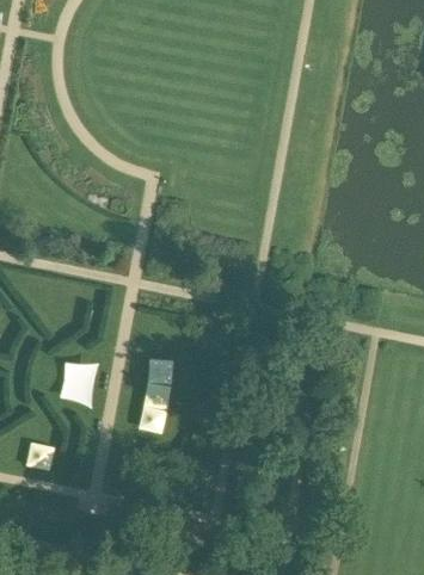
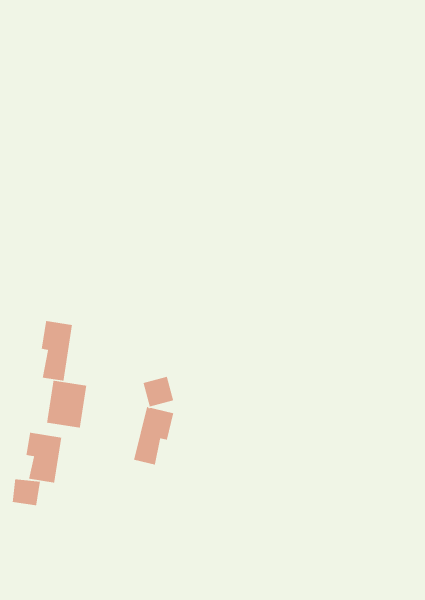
building: none -> [41,320,73,382]
building: none -> [25,432,62,484]

